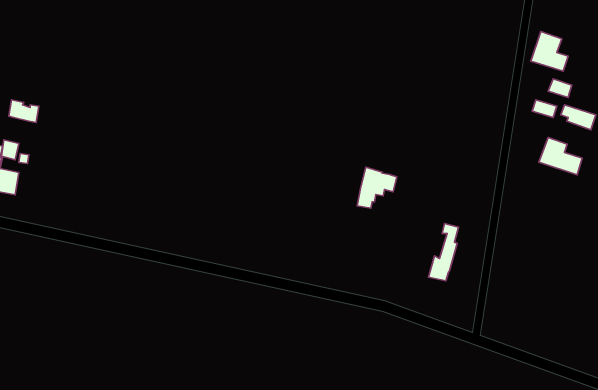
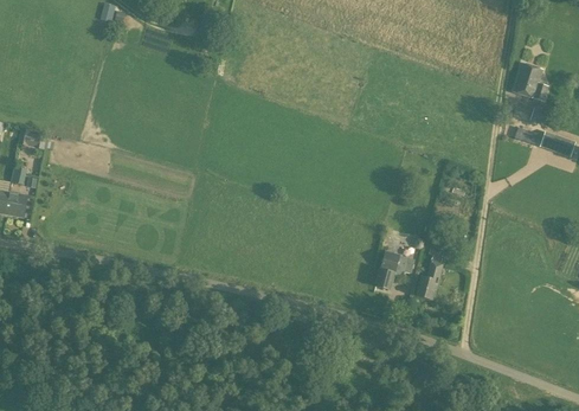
building: [539,138,582,175] -> none
building: [357,167,397,208] -> [377,251,414,290]

